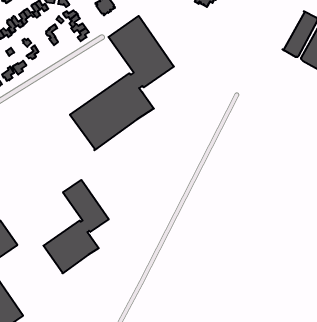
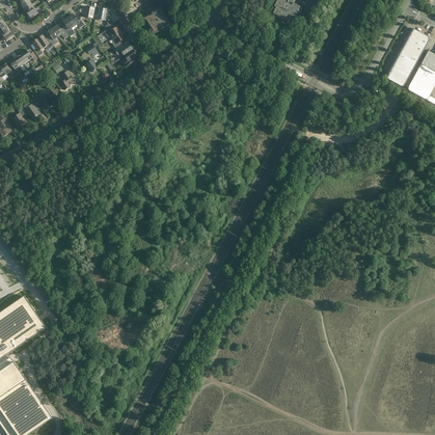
building: [70,16,174,150] -> none
building: [43,180,109,273] -> none

